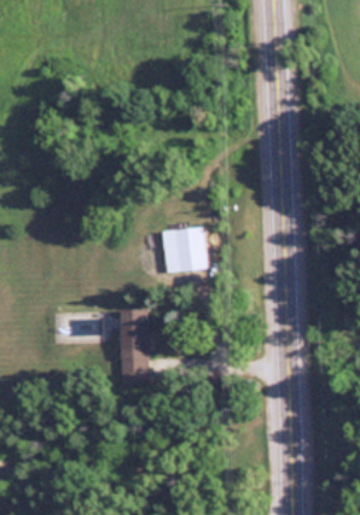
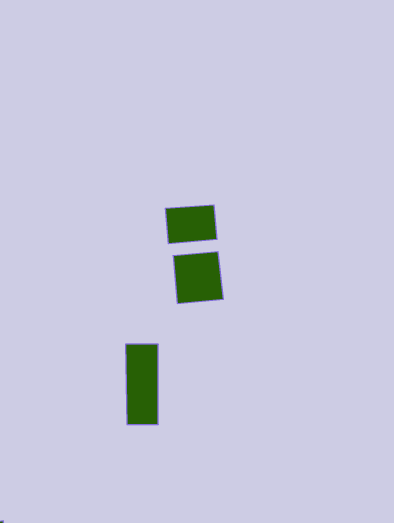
building: none -> [165,205,217,244]

